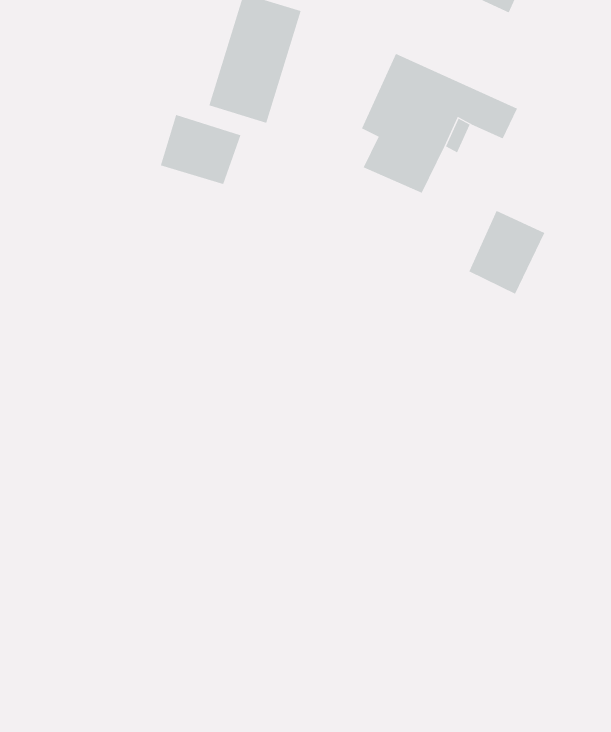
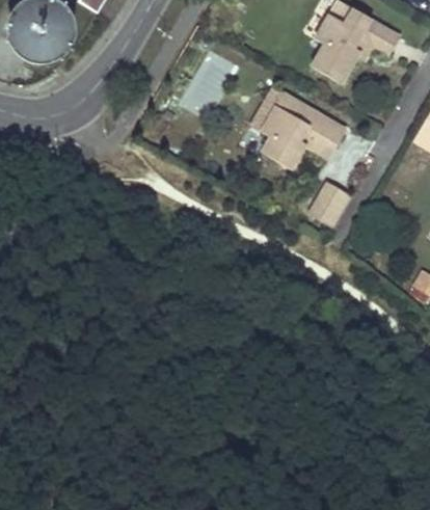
building: [160,114,241,185] -> none

